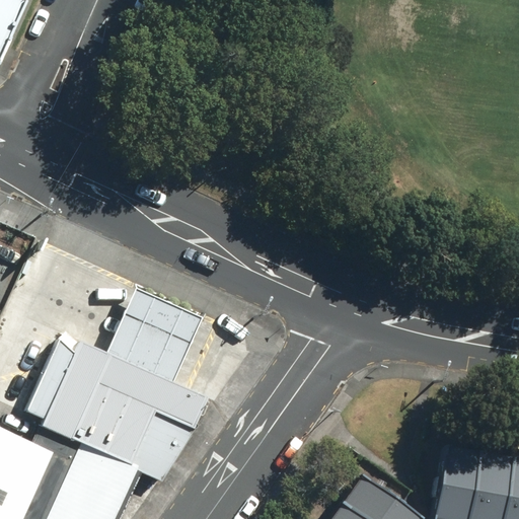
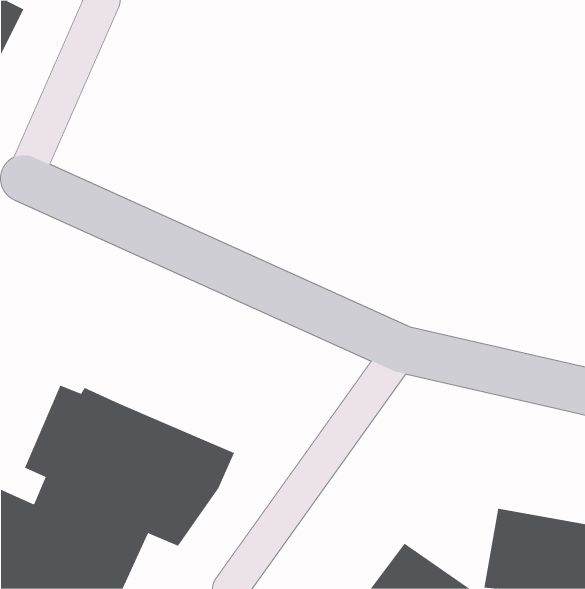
building: [108,292,208,385] -> none

